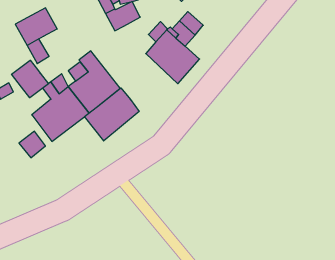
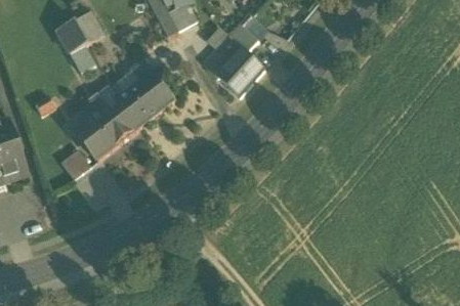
building: [12,60,48,98] -> none
building: [85,88,139,141] -> none

